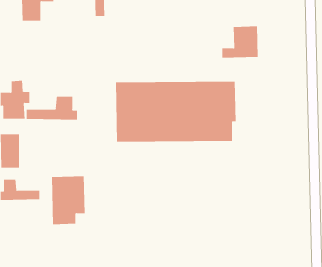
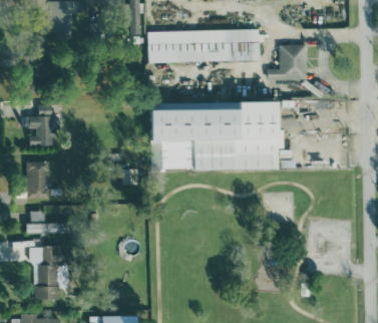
building: none -> [147,29,262,63]
building: [26,96,77,120] -> none
building: [51,176,86,225] -> [31,246,68,299]

